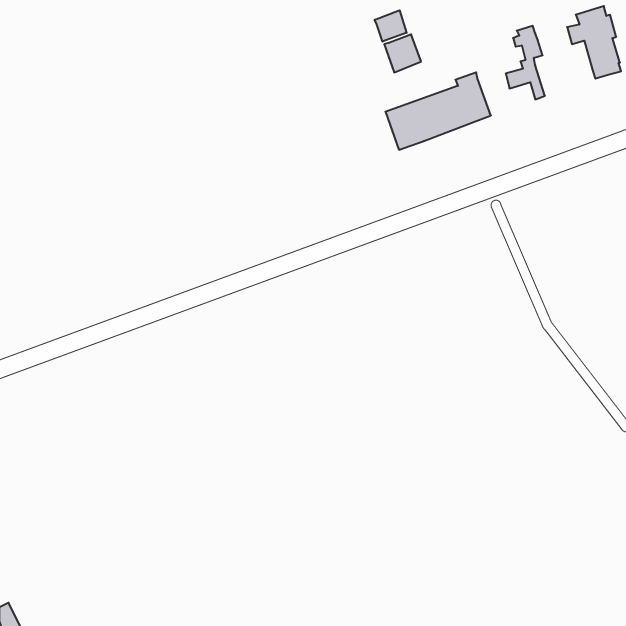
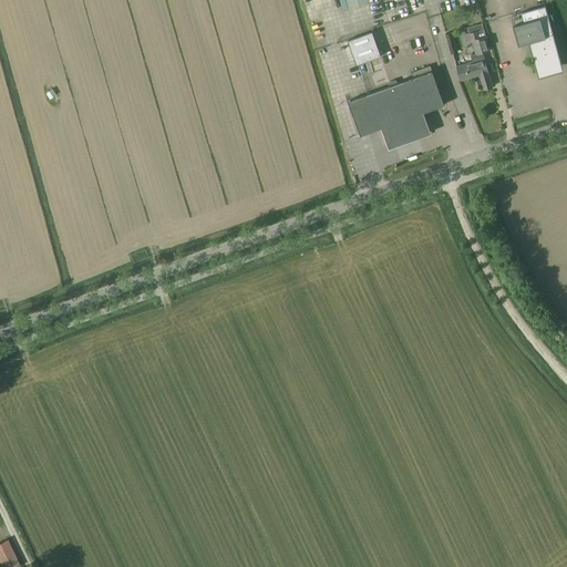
building: [375,10,407,42] -> none
building: none -> [382,113,431,150]

